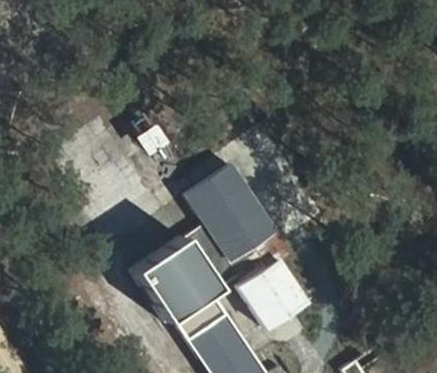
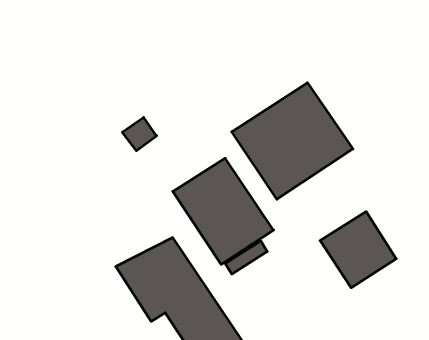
building: none -> [232,83,353,199]
building: [231,260,304,333] -> [320,212,396,288]

